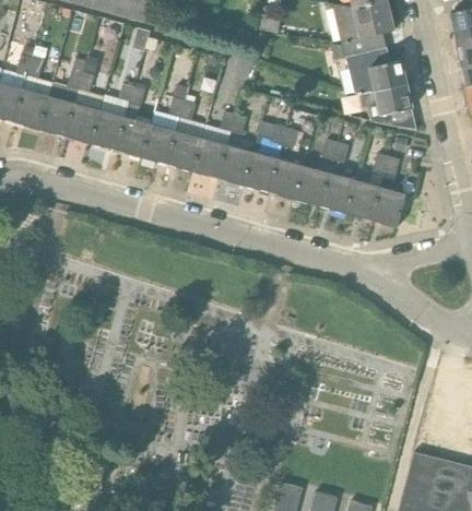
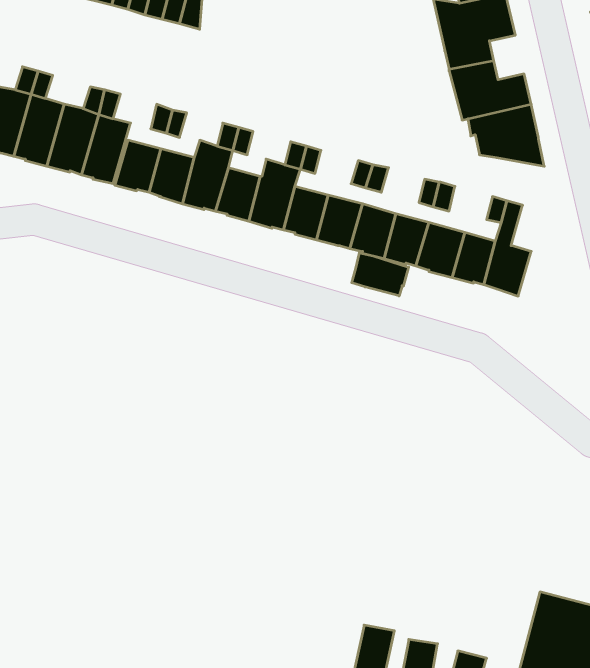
building: none -> [352,253,409,296]

